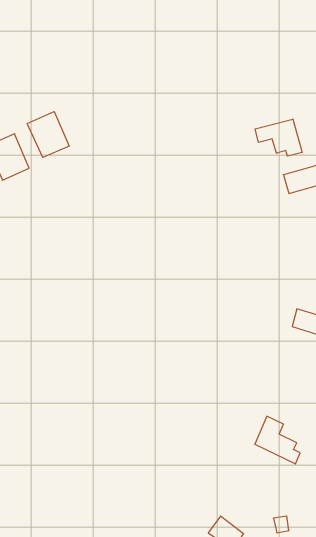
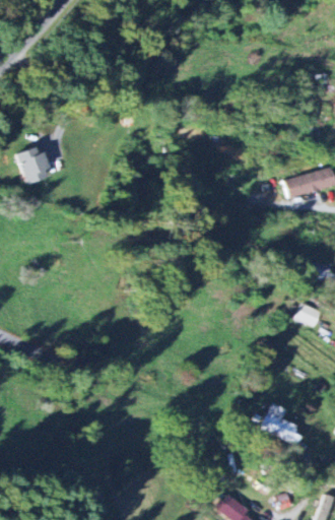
building: [27,112,69,157] -> none
building: [255,119,302,156] -> none

